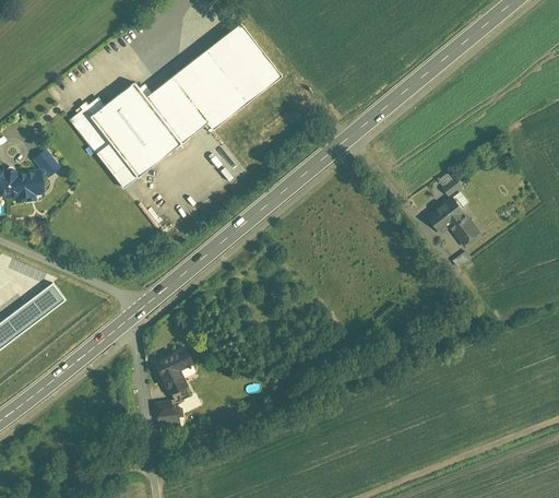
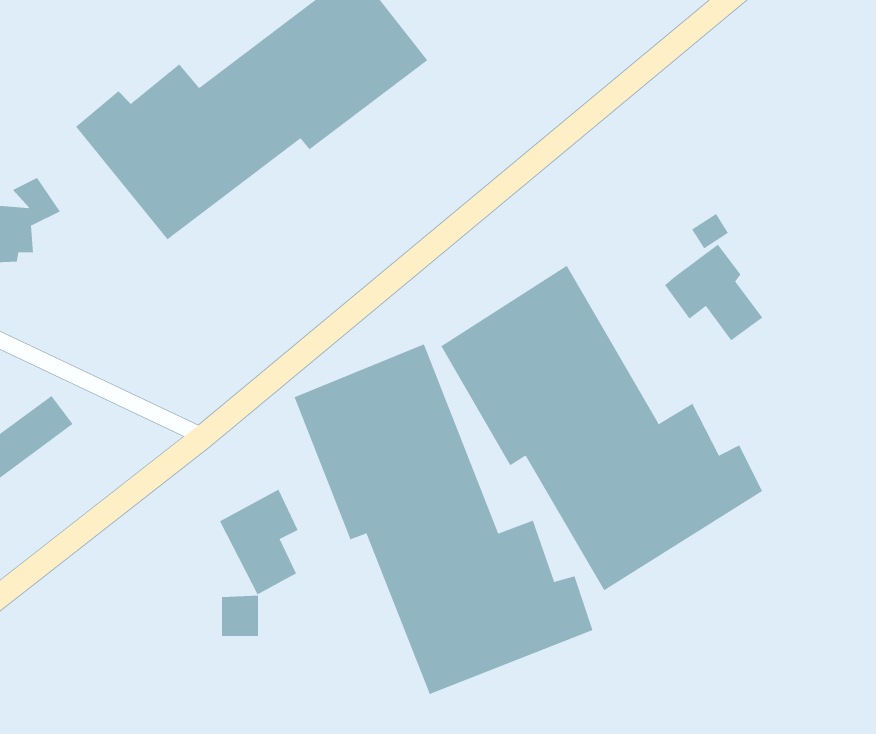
building: none -> [440,265,763,591]
building: none -> [294,344,593,695]

